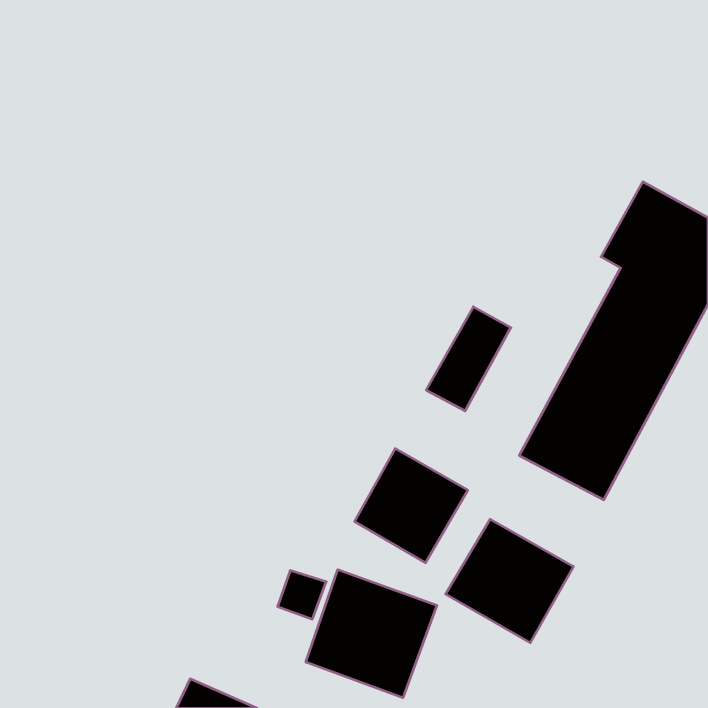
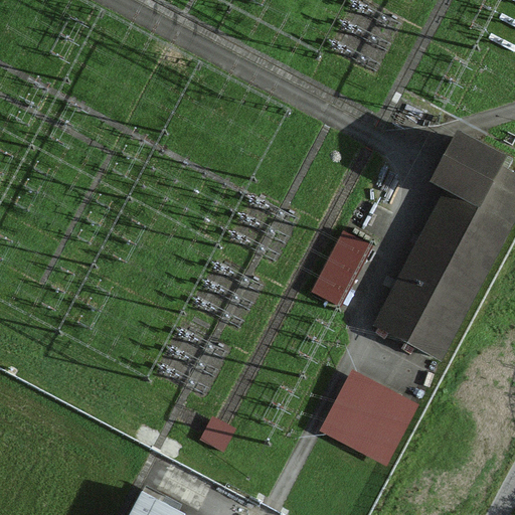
building: [355,449,468,563] -> none
building: [306,570,437,698] -> none

